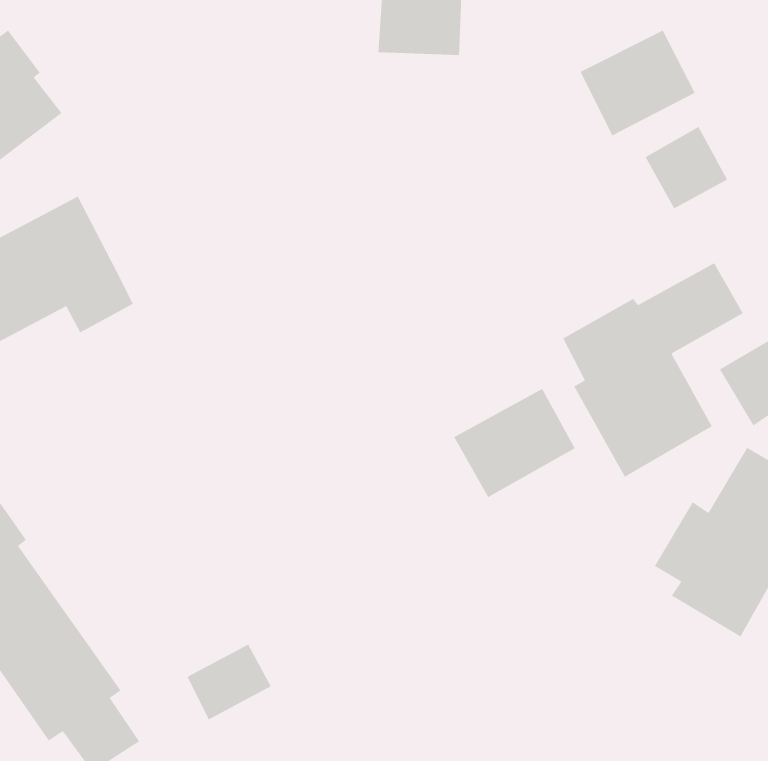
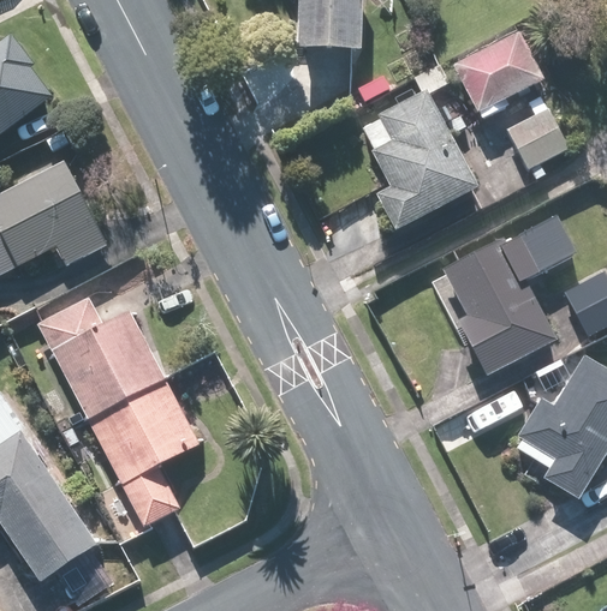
building: none -> [358,88,480,232]
building: none -> [36,295,200,526]
building: [453,388,576,498] -> none
building: [186,643,272,721] -> none

